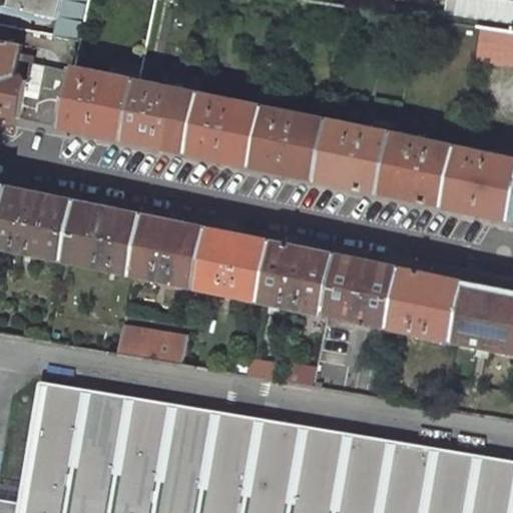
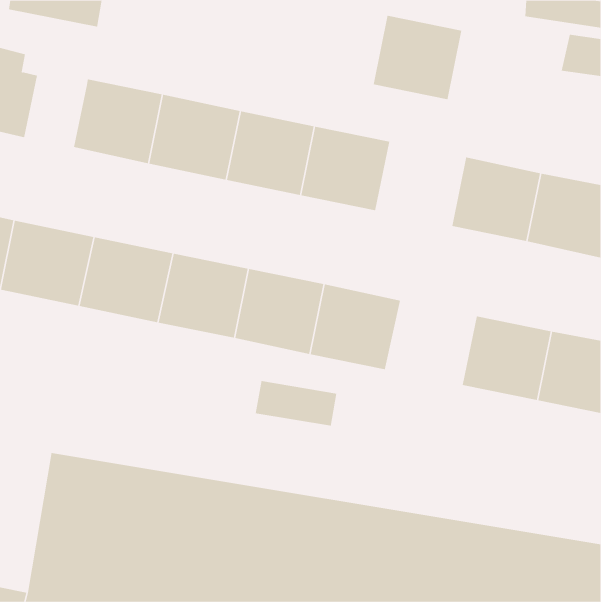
building: [21,64,73,125] -> none
building: [320,120,396,192] -> [373,15,462,100]
building: [328,255,405,328] -> none
building: [119,328,189,367] -> [255,380,337,426]

